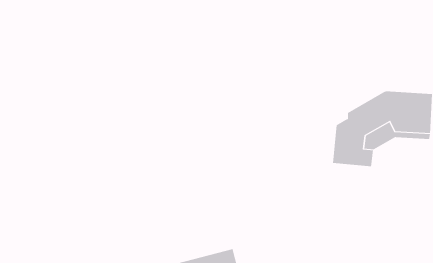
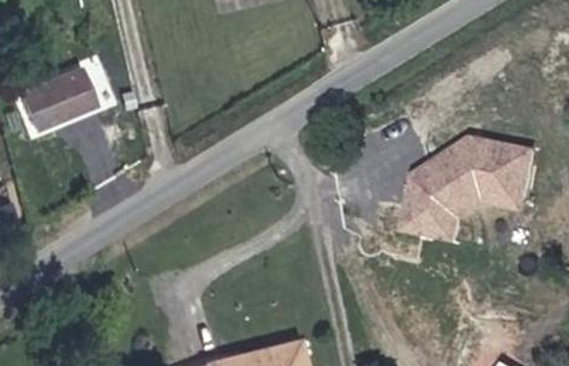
building: none -> [14,67,94,127]

